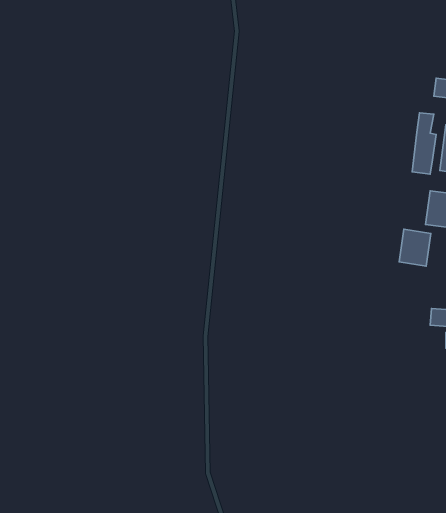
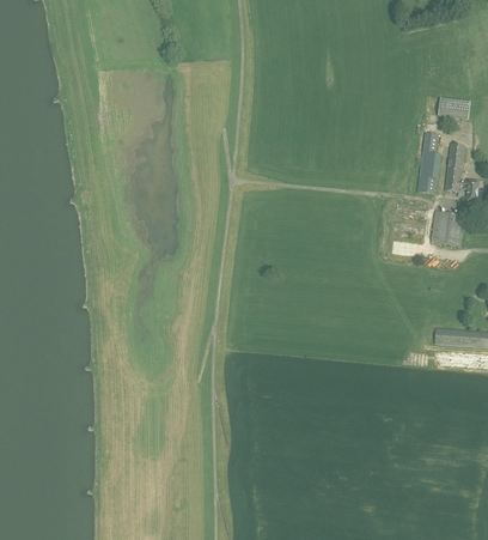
building: [399,229,431,266] -> none

